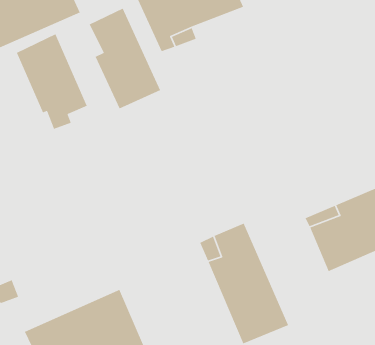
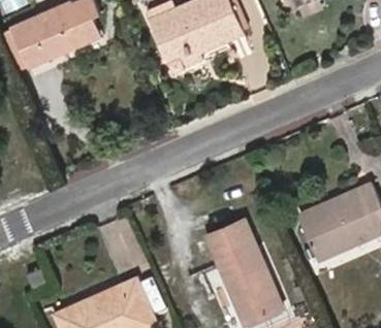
building: [88,7,161,109] -> none
building: [16,33,88,130] -> none

